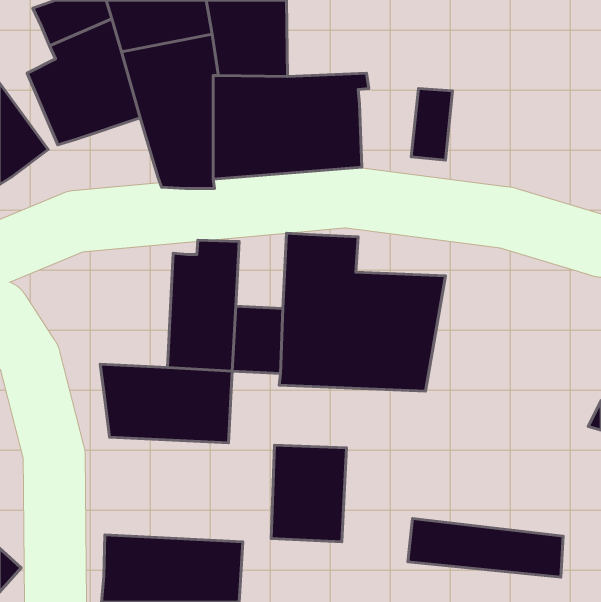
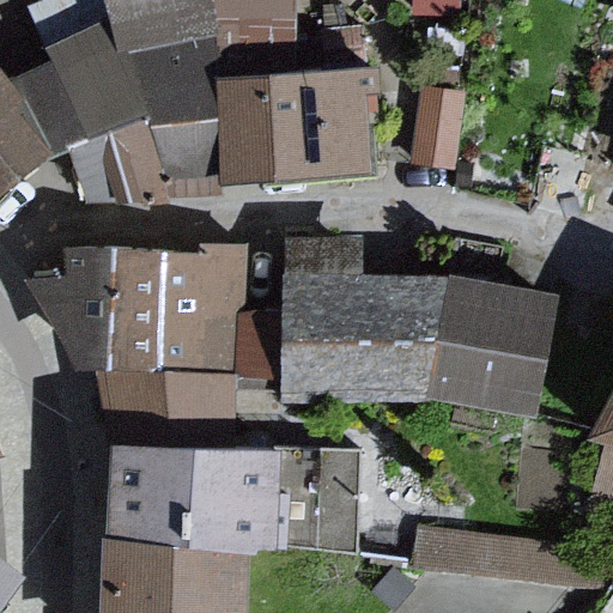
building: none -> [78,120,165,201]
building: none -> [34,253,176,374]
building: none -> [432,280,553,414]
building: none -> [107,444,279,551]

